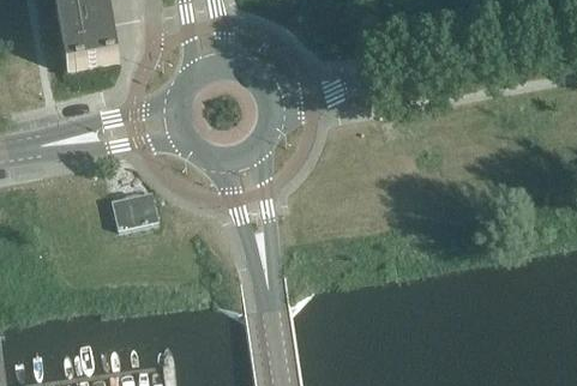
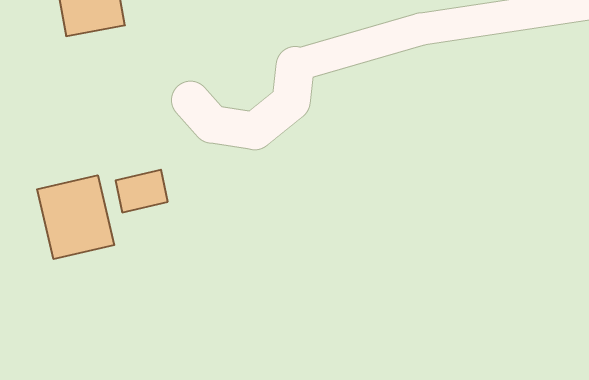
building: none -> [37,175,114,259]

